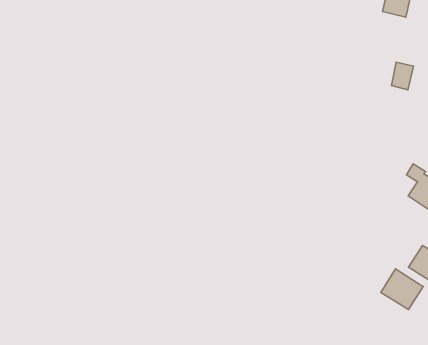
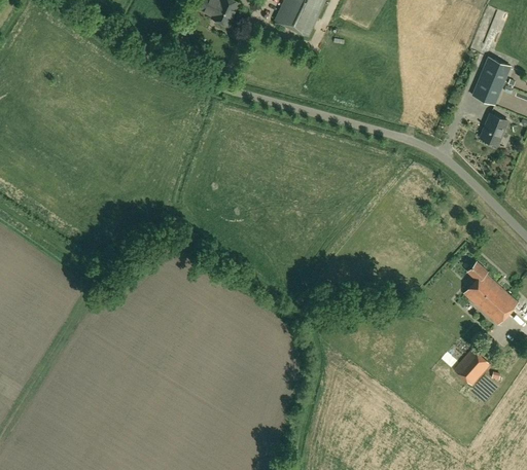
building: [391,62,414,90] -> [481,115,507,146]
building: [381,269,423,309] -> none

